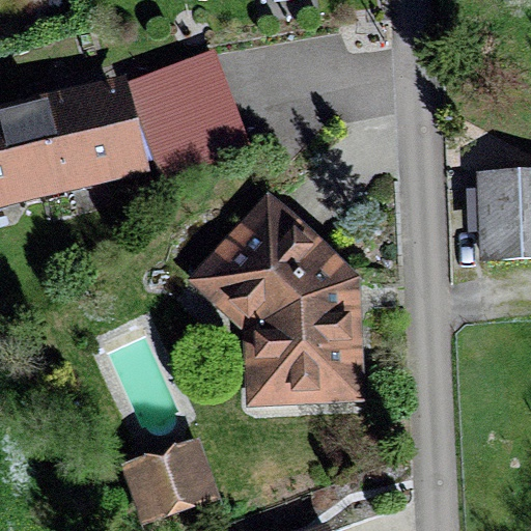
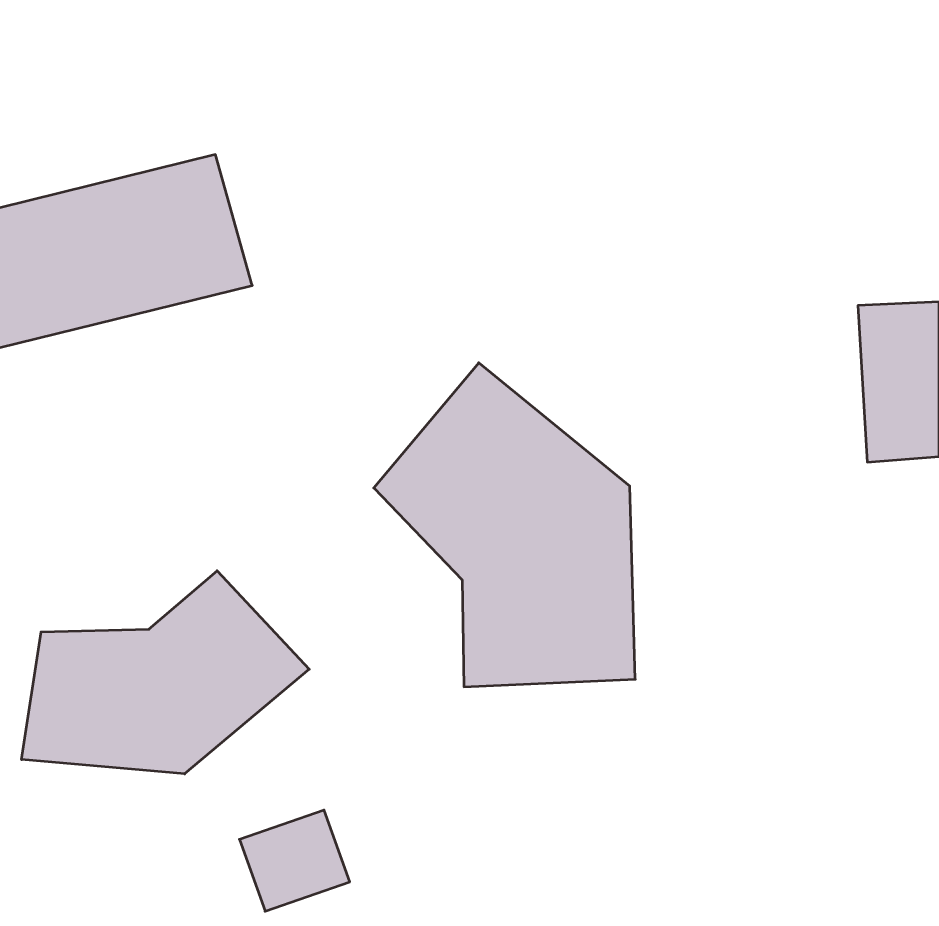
building: [131,59,240,173] -> none
building: none -> [22,571,309,774]

